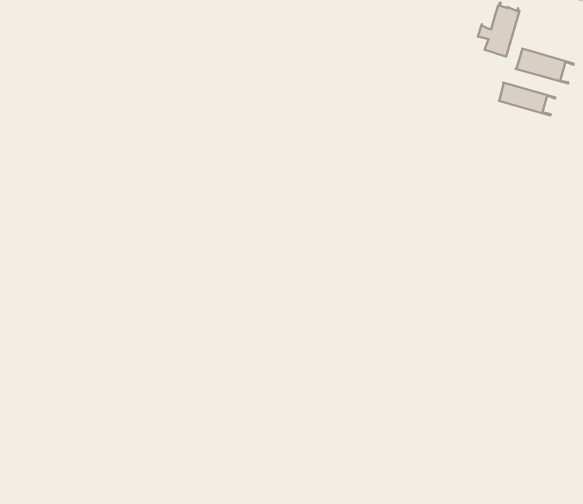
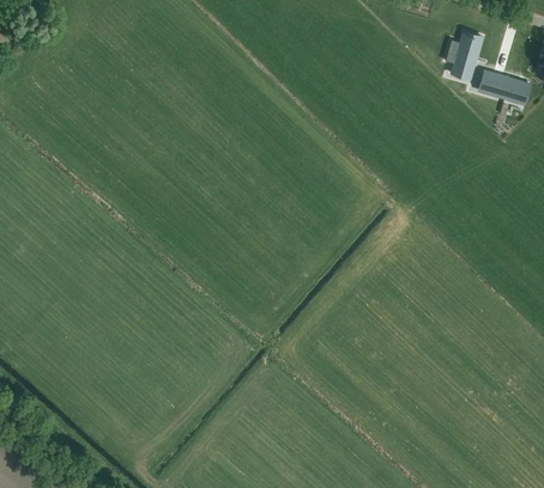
building: [499,82,555,115] -> none

